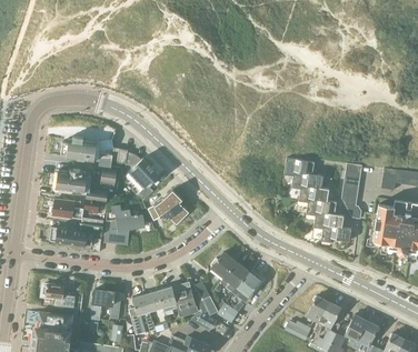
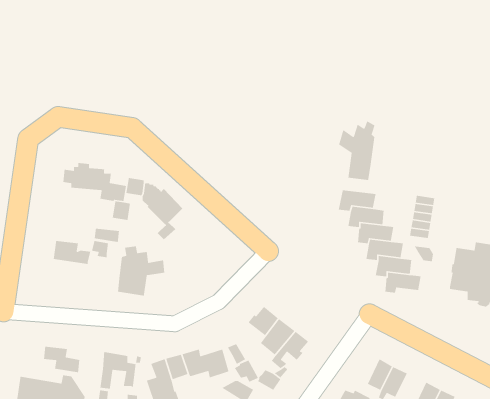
building: none -> [338,120,376,181]
building: [54,169,87,191] -> none
building: [148,189,189,223] -> none
building: [50,222,103,245] -> none

